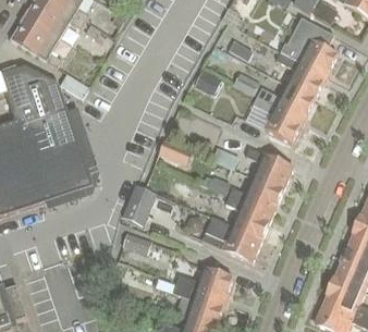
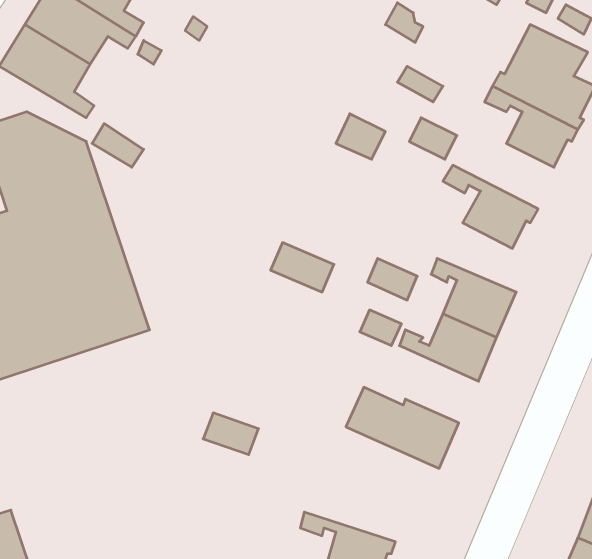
building: [258,83,314,119] -> none
building: [121,184,156,225] -> none
building: [224,194,272,236] -> none
building: [176,268,232,302] -> none

